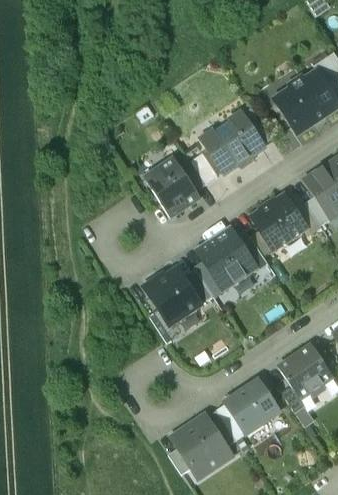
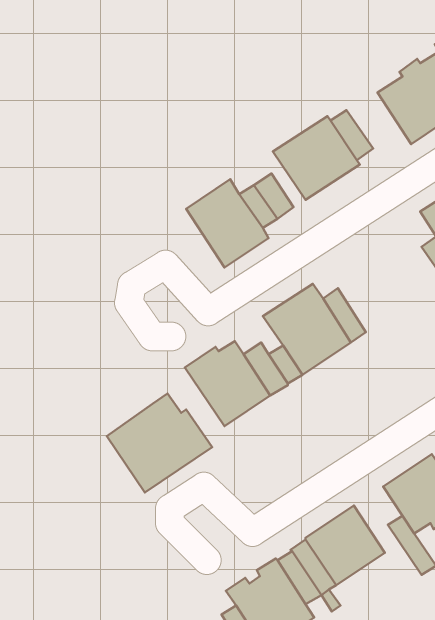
building: [251,195,306,250] -> none
building: none -> [107,394,212,493]

